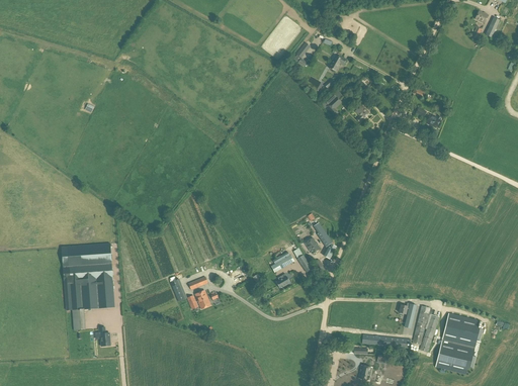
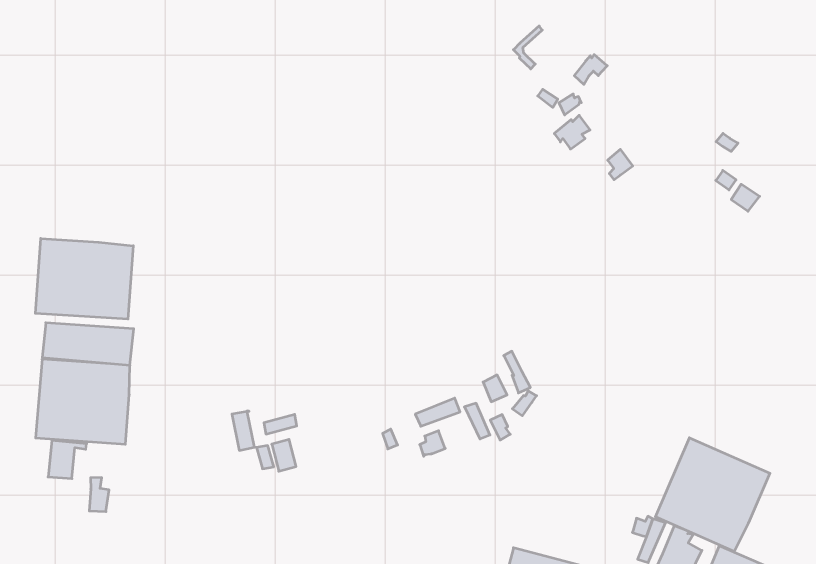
building: none -> [35,238,133,319]
building: none -> [655,438,770,552]

